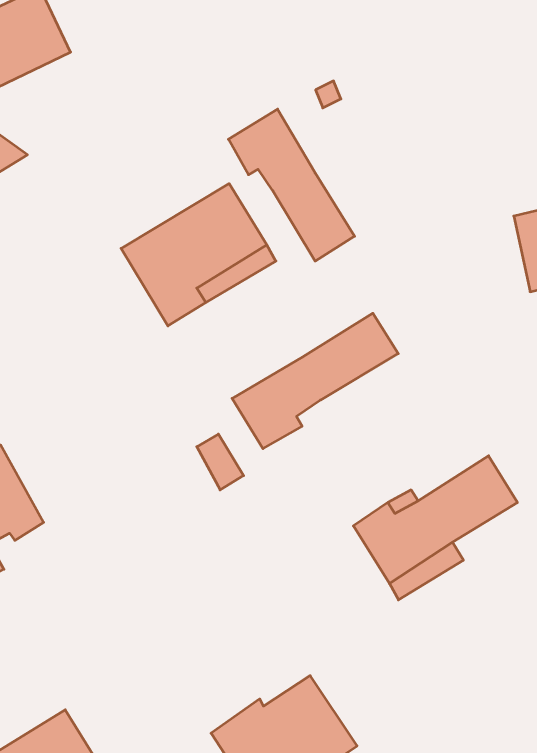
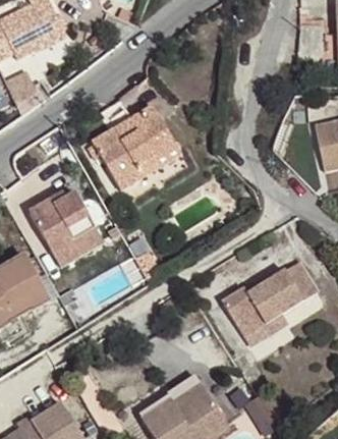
building: [228,109,355,261] -> none
building: [232,313,398,449] -> none
building: none -> [34,183,109,264]

